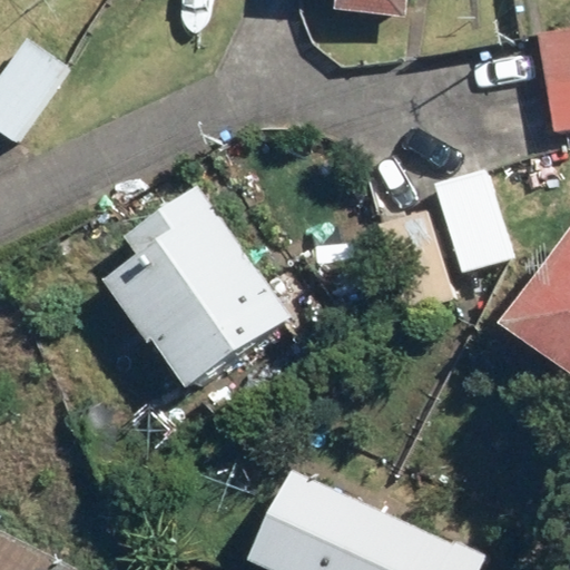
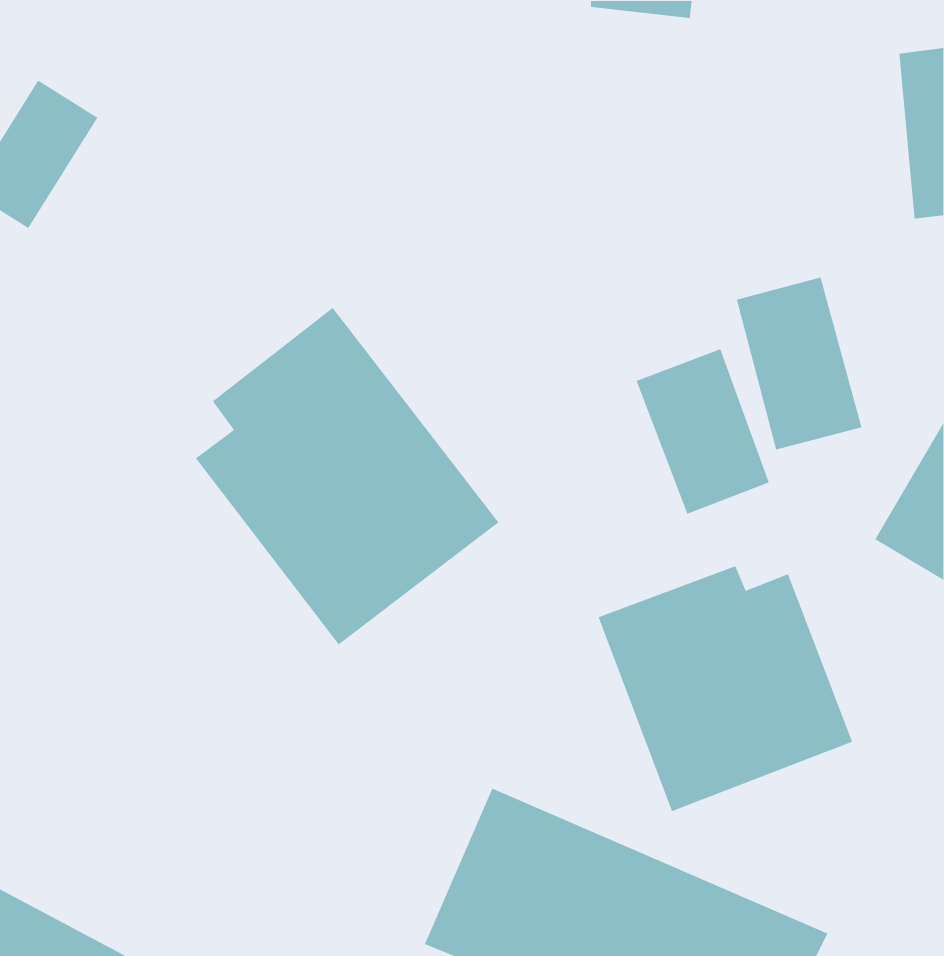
building: none -> [597,565,853,812]

